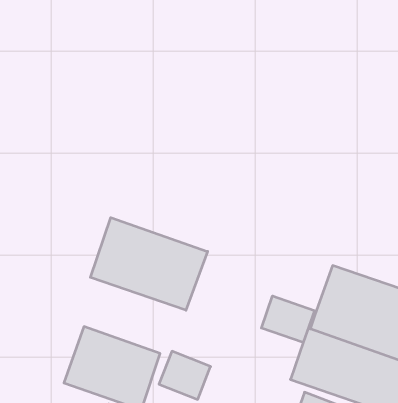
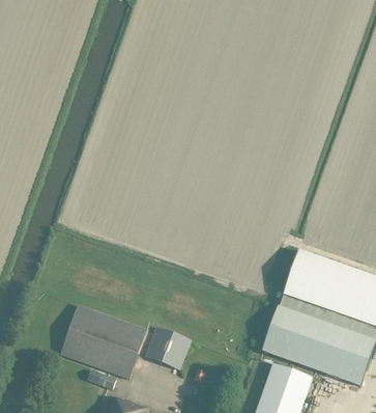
building: [90,218,208,310] -> none
building: [261,296,314,343] -> none

